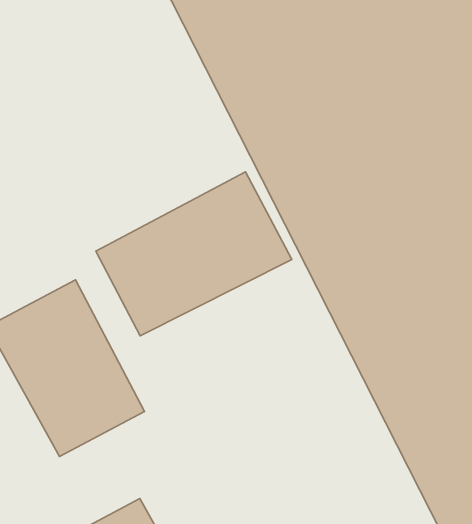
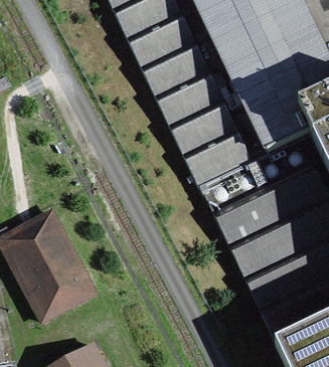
building: [96,172,292,336] -> none

